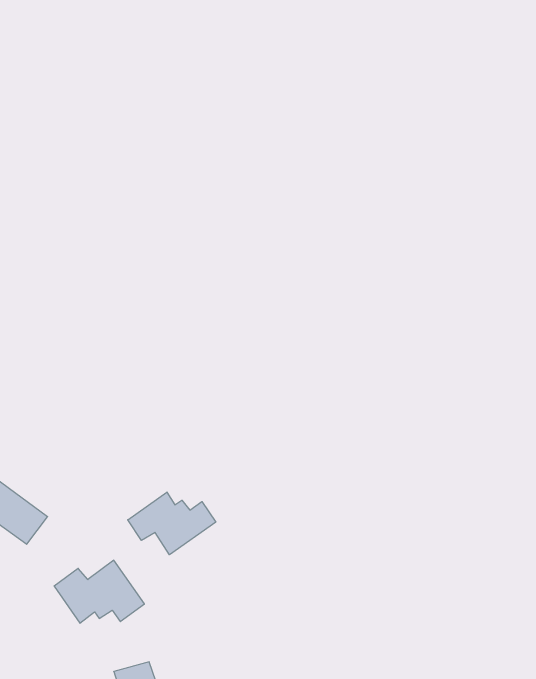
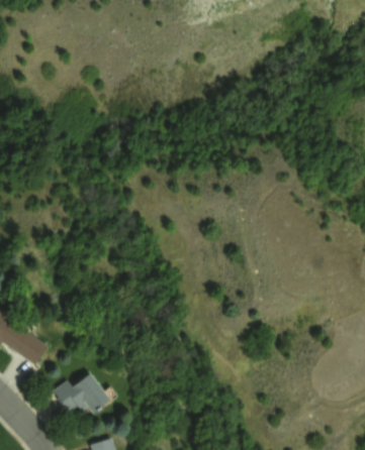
building: [128,492,216,555] -> none

